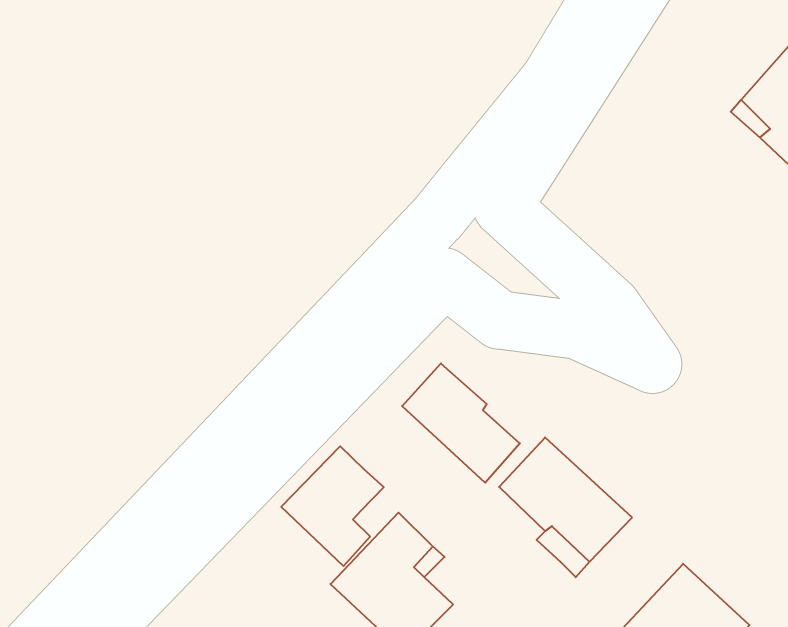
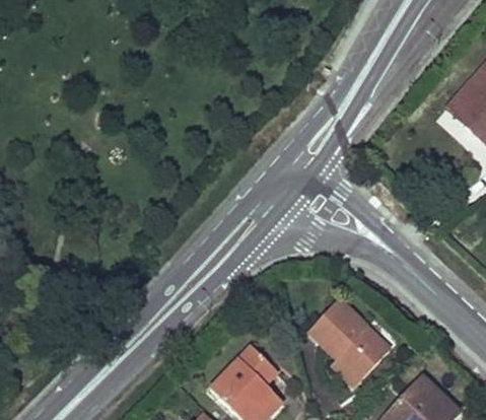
building: [402,363,520,483] -> none
building: [281,446,384,566] -> none

